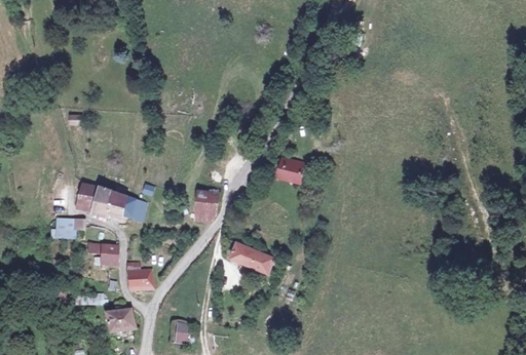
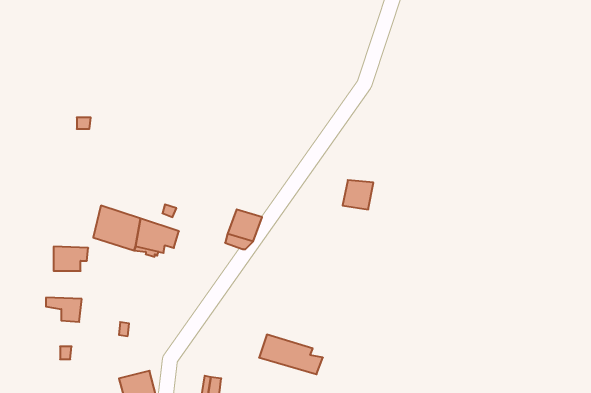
building: [228,239,279,271] -> [259,335,323,374]
building: [86,244,115,264] -> [46,298,82,322]
building: [126,264,153,290] -> none

